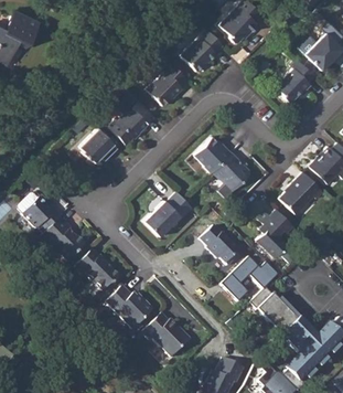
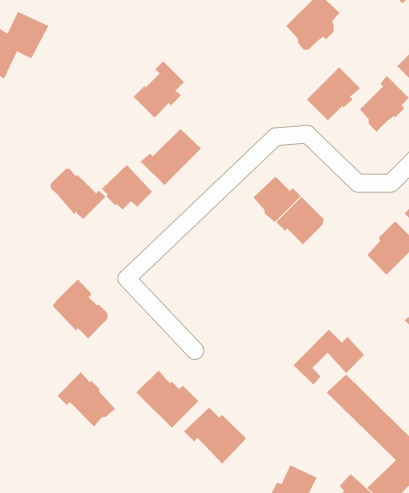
building: [182,29,224,71] -> [306,66,361,121]
building: [148,62,187,106] -> [133,61,185,118]
building: [144,192,193,236] -> none
building: [19,193,62,233] -> [50,168,106,220]
building: [258,209,300,264] -> none
building: [201,225,240,266] -> none
building: [75,248,120,291] -> [57,371,116,427]

